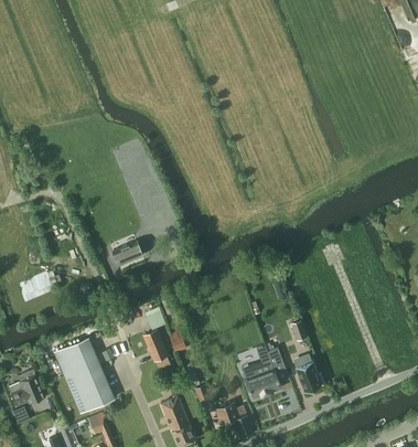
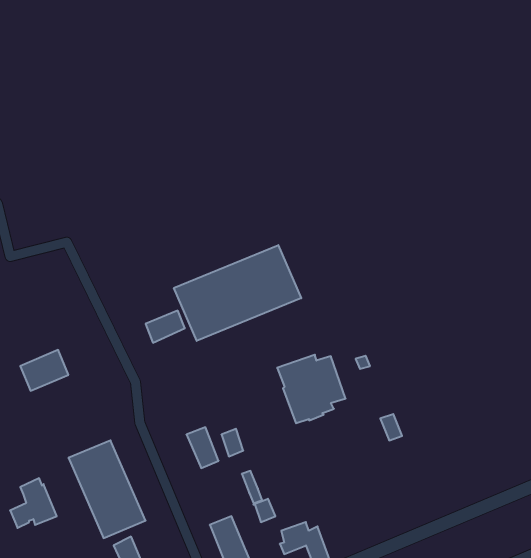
building: none -> [174,245,301,341]
building: [238,345,290,397] -> [277,355,346,423]
building: [297,362,324,393] -> none

